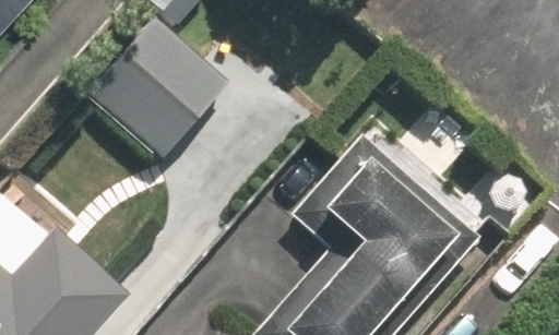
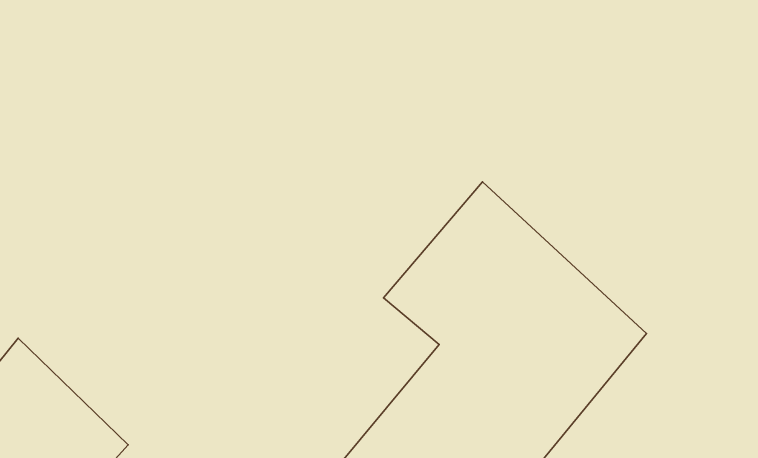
building: [86,16,230,159] -> none

